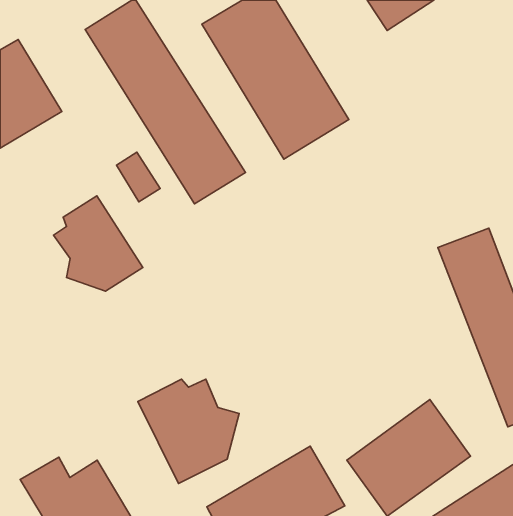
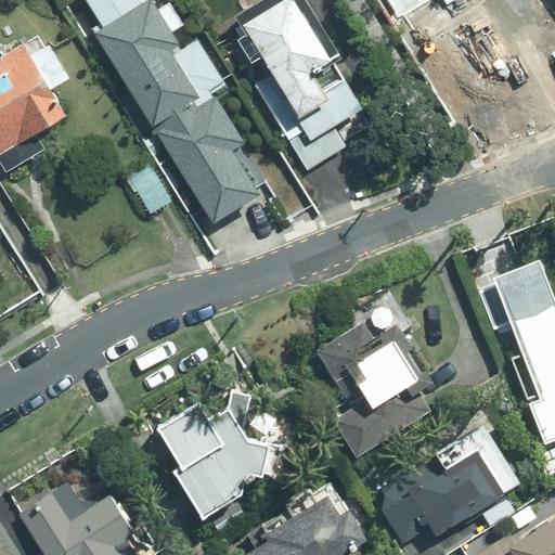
building: [54,196,143,291] -> none
building: none -> [317,307,452,457]

